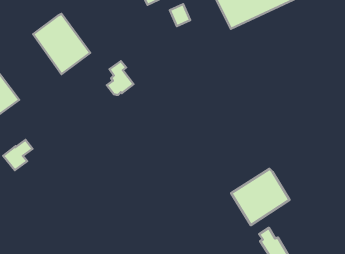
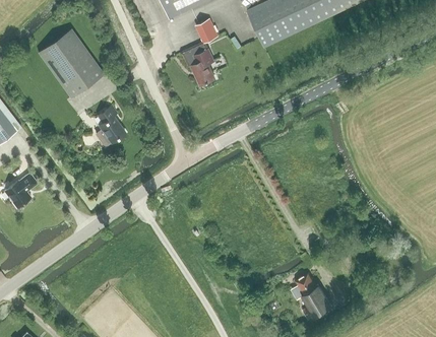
building: none -> [192,49,214,84]
building: [107,61,133,95] -> [95,106,125,144]
building: [231,169,290,225] -> none

